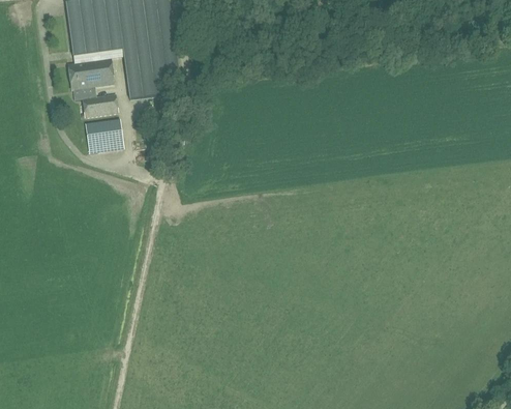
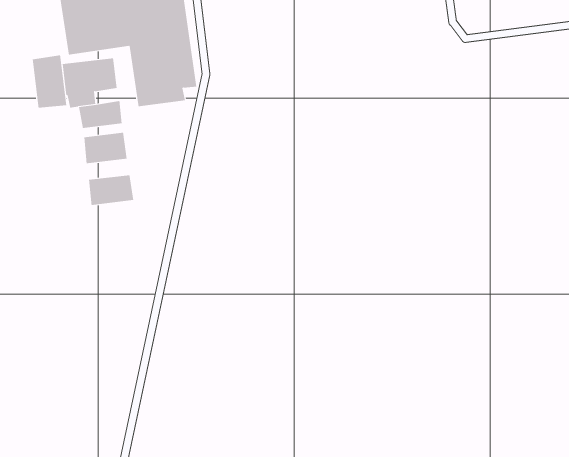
building: none -> [32,54,67,108]
building: none -> [88,174,134,206]

